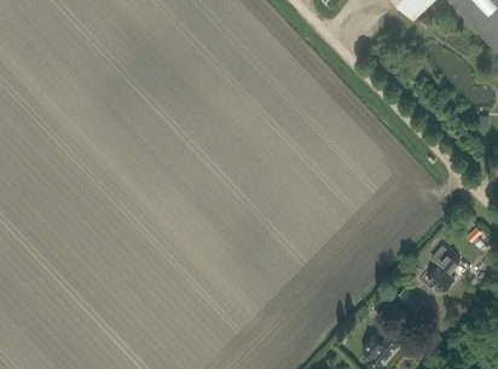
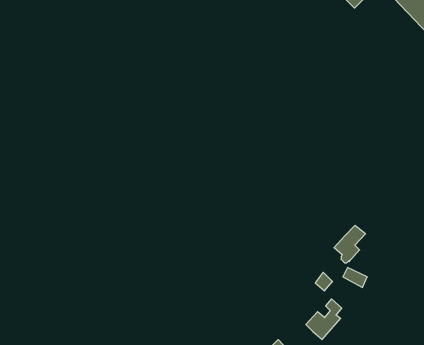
building: [427,250,459,289] -> [334,226,365,263]

